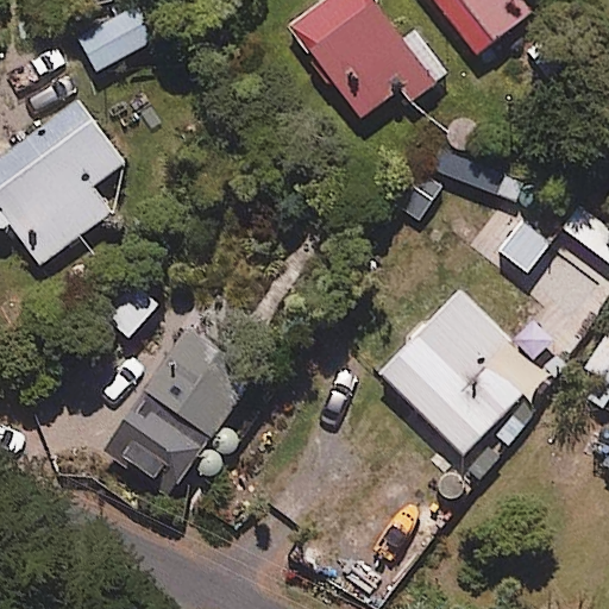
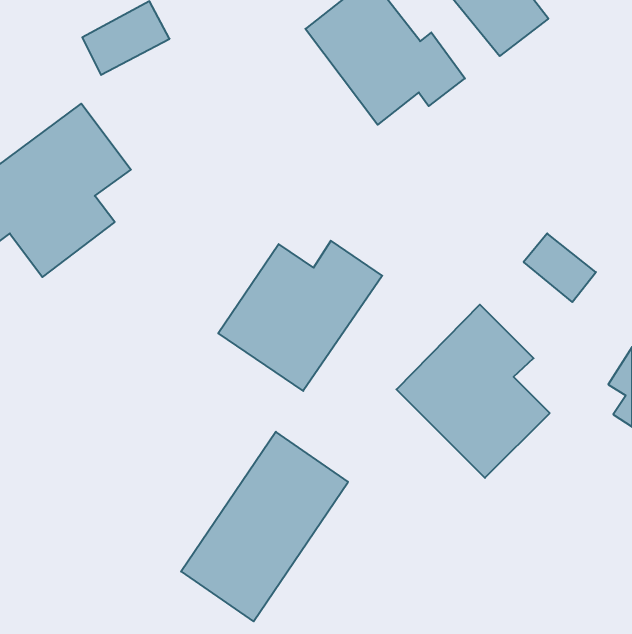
building: none -> [218,241,382,391]
building: [105,313,264,494] -> [181,432,348,621]

